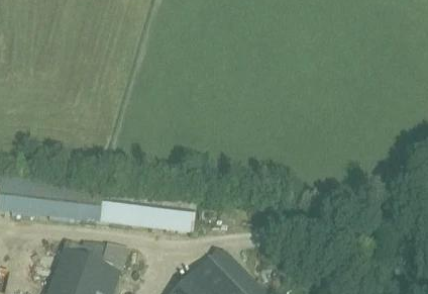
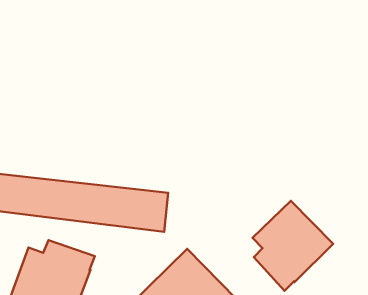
building: none -> [252,201,333,291]

